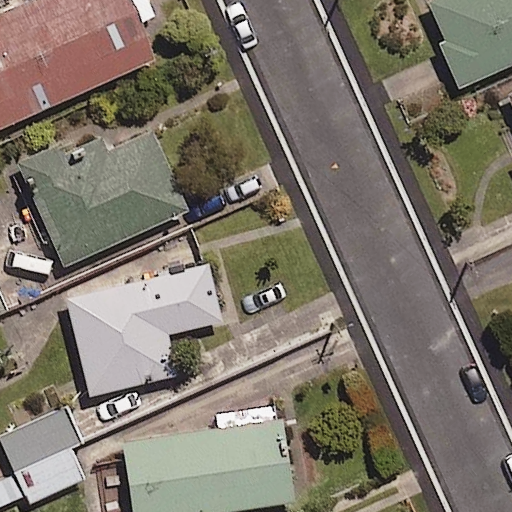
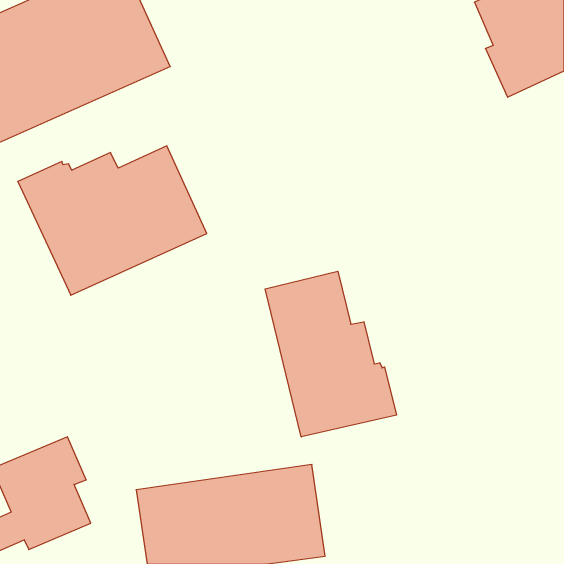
building: none -> [265,271,396,437]
building: [67,266,221,397] -> none

